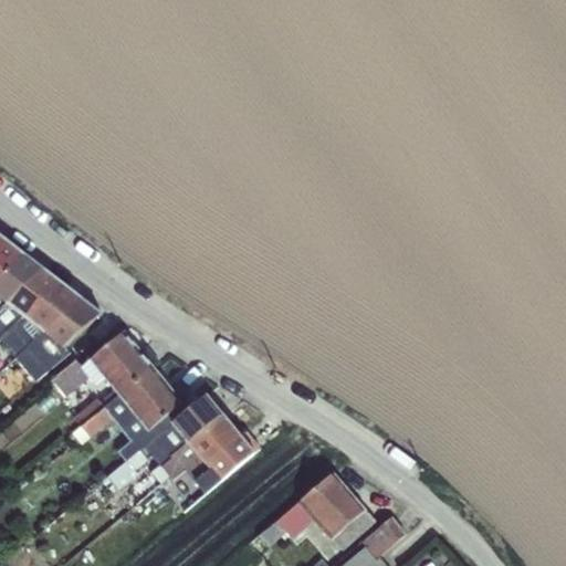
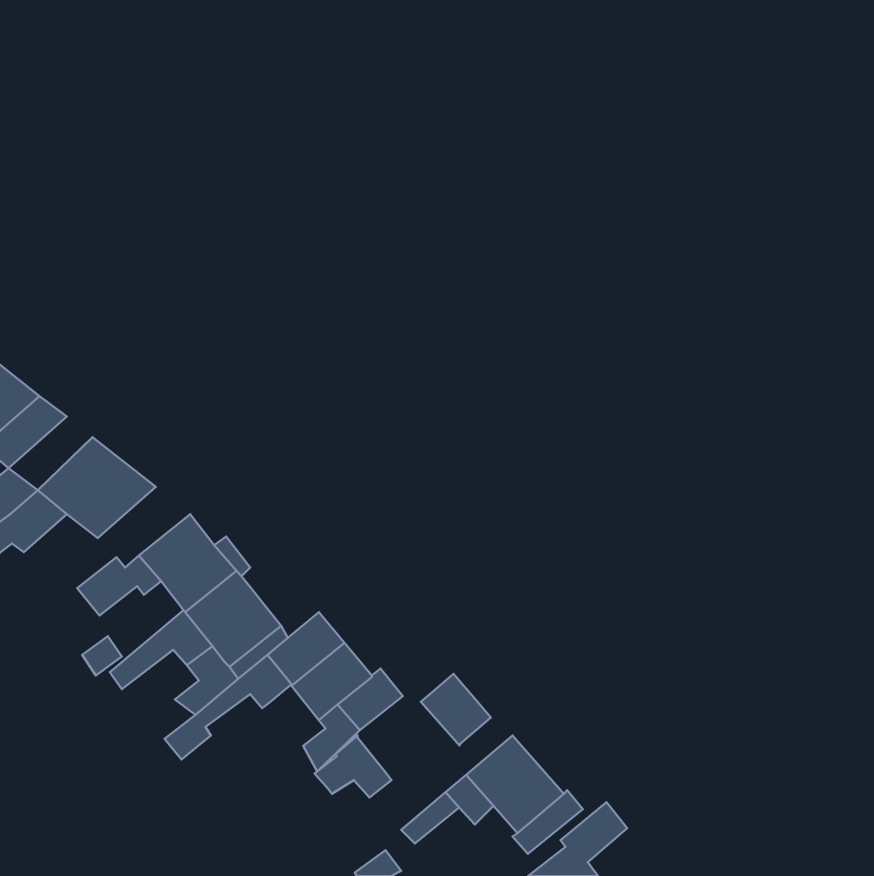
building: [6,269,60,316] -> none
building: [13,332,70,380] -> none
building: none -> [421,674,491,746]
building: [160,441,210,481] -> [315,736,392,797]

